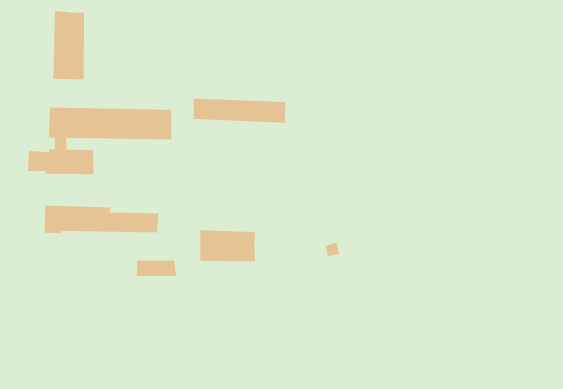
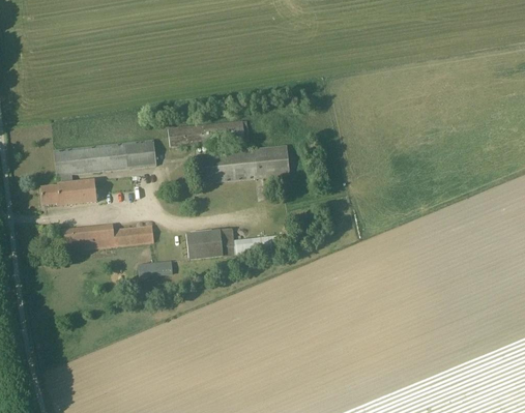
building: [53,11,85,80] -> none
building: none -> [198,145,289,182]

